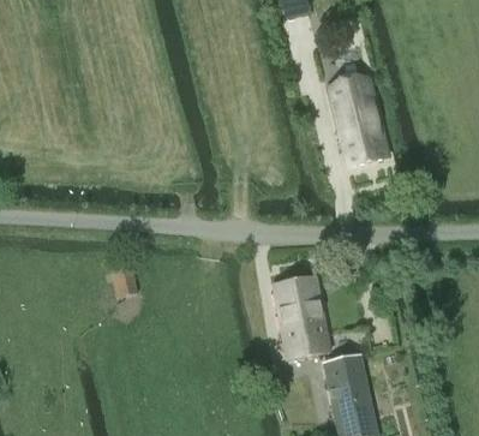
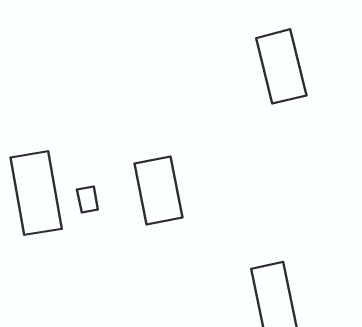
building: none -> [11,151,62,235]
building: [274,275,331,357] -> [134,156,182,225]

